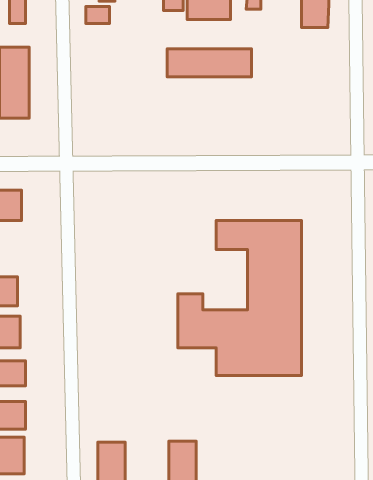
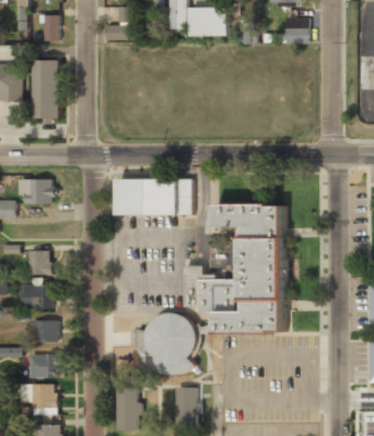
building: [167,49,252,77] -> none
building: none -> [115,179,192,215]
building: none -> [135,314,197,374]

